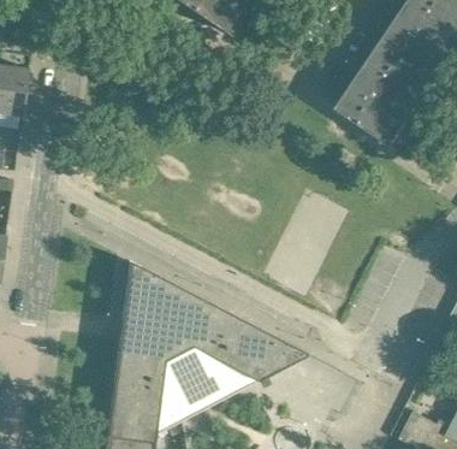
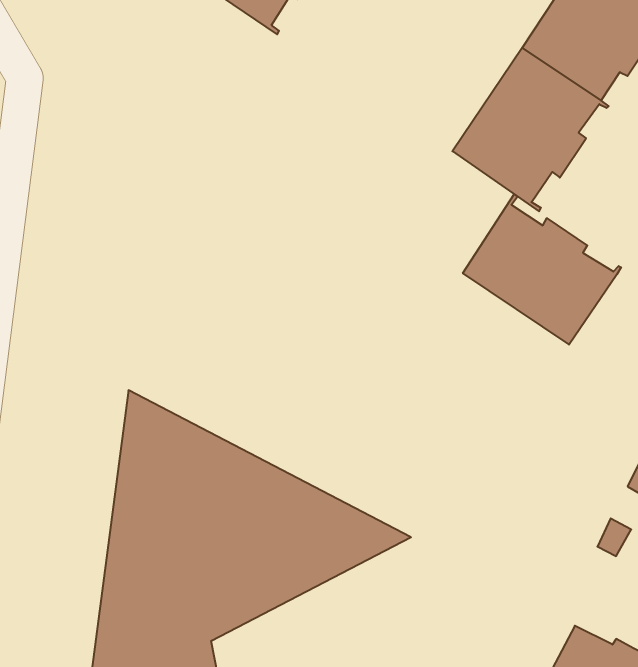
building: none -> [463,194,621,345]

